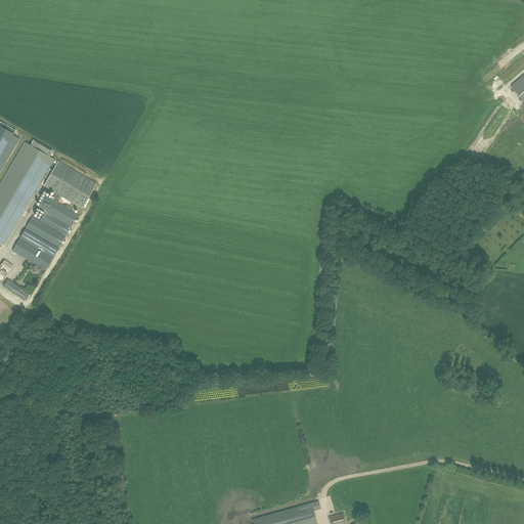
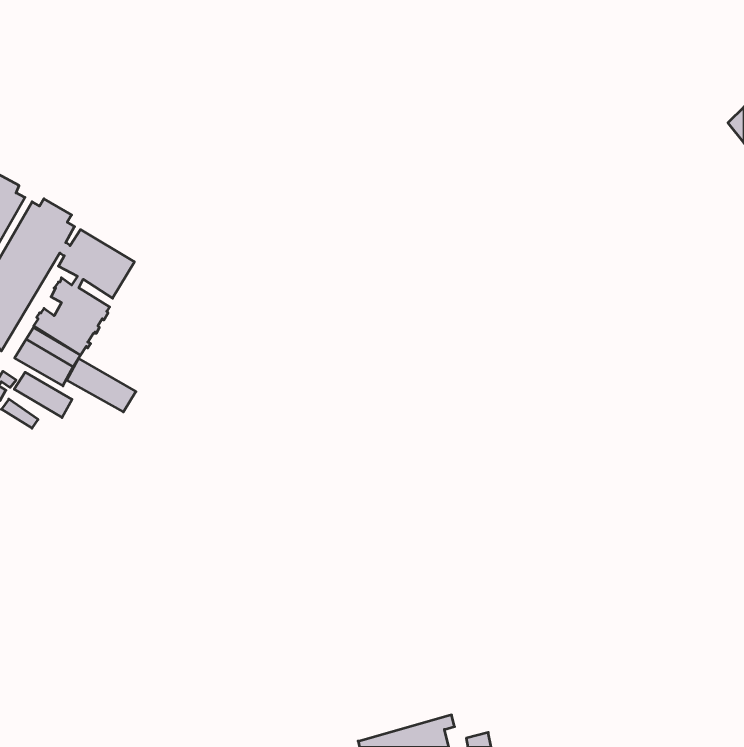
building: none -> [67,358,136,412]
building: none -> [14,372,72,418]

